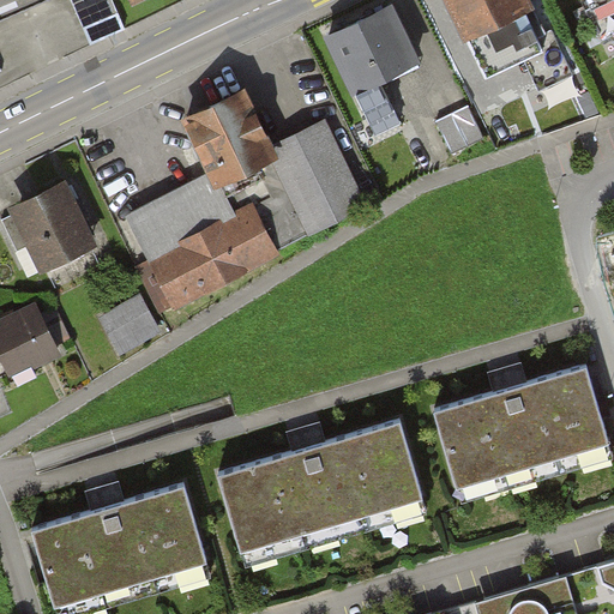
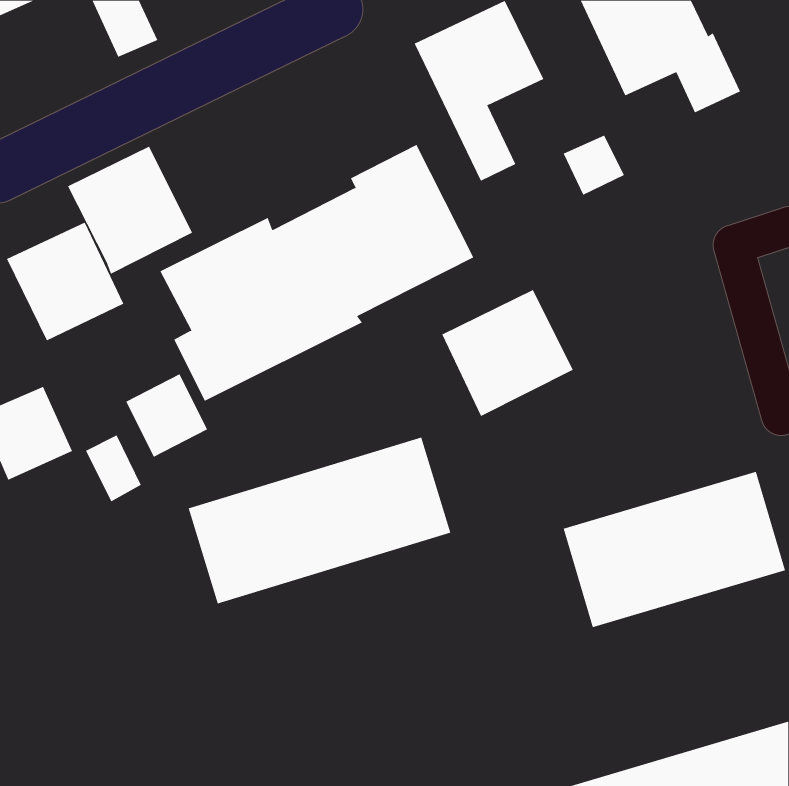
building: [177,83,275,182] -> [67,146,193,275]
building: none -> [442,289,574,417]
building: none -> [85,435,141,502]
building: [218,423,422,553] -> [188,437,451,604]
building: [38,487,206,607] -> none

